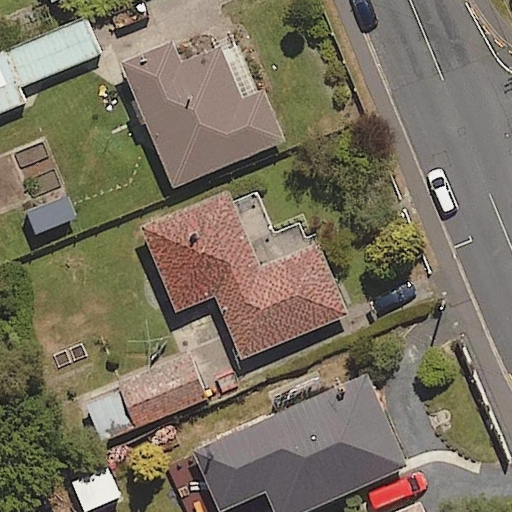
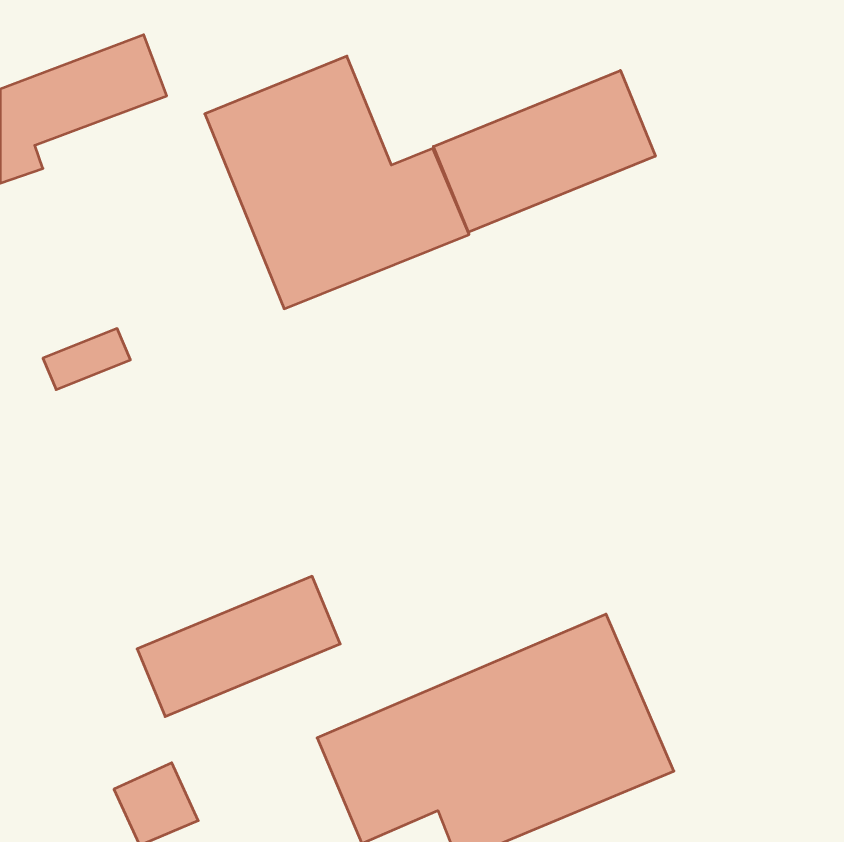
building: none -> [433,70,655,232]
building: [142,190,349,358] -> none

